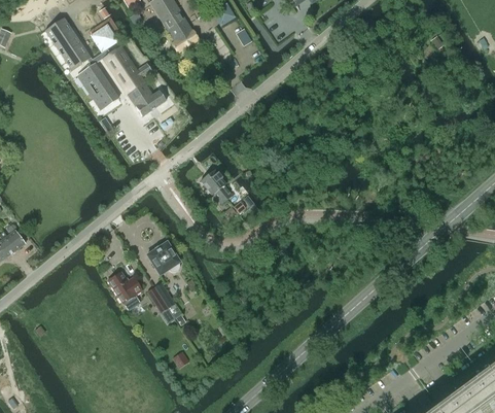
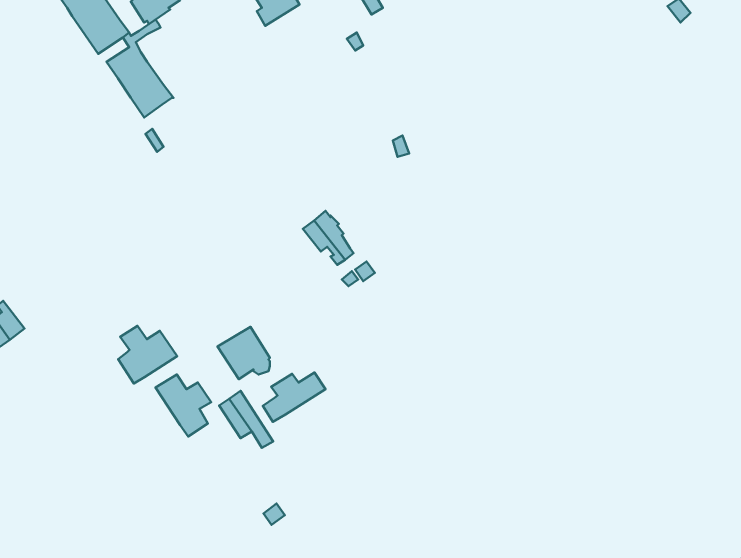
building: [102,45,166,115] -> none
building: none -> [118,326,177,383]
building: none -> [263,373,326,422]

